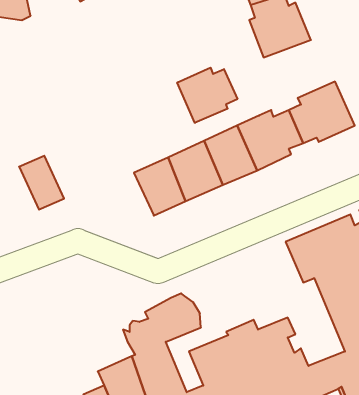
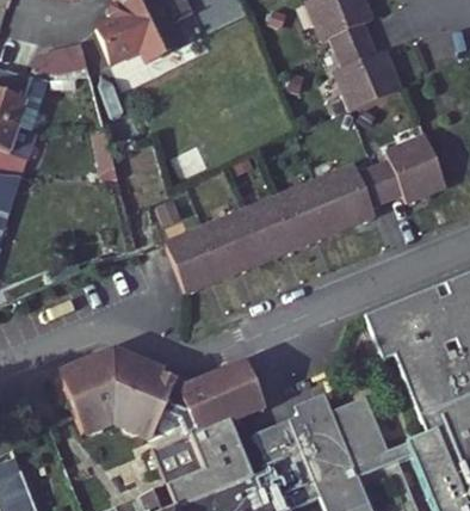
building: [177,68,237,123] -> none
building: [19,156,64,210] -> [162,235,211,294]
building: none -> [54,347,183,431]

